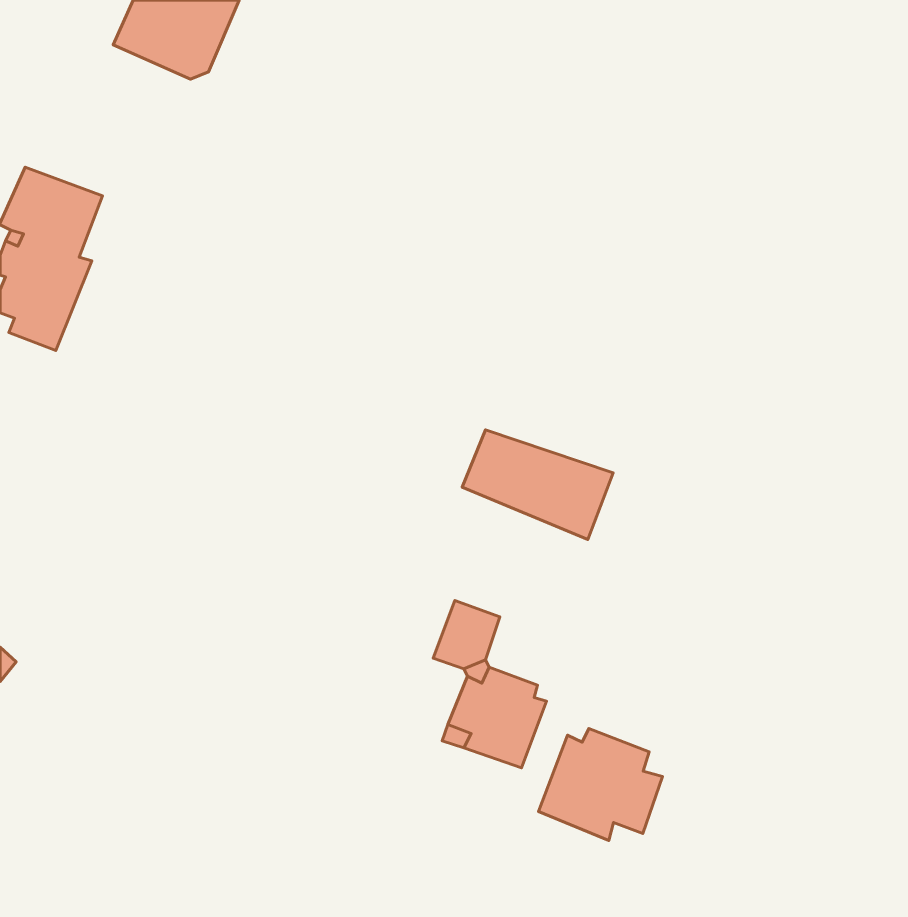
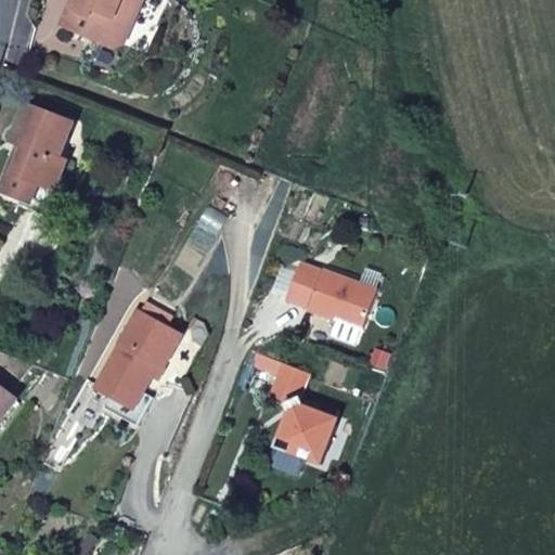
building: none -> [93,308,178,423]
building: [539,729,663,841] -> none

